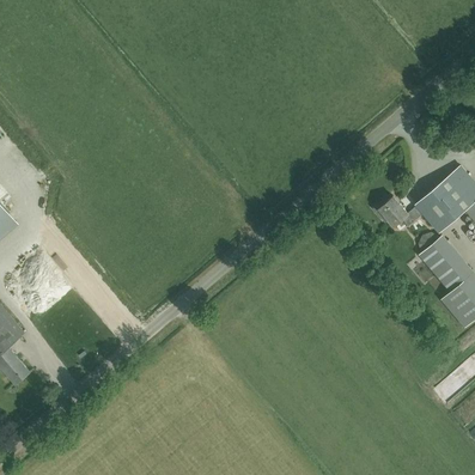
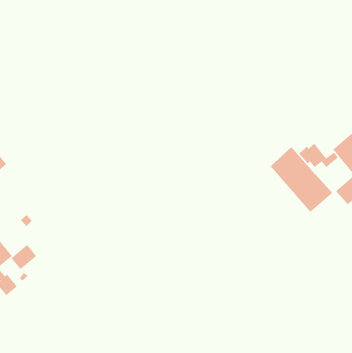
building: none -> [269,146,333,213]
building: none -> [11,244,37,270]

